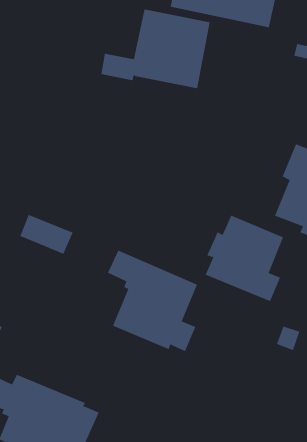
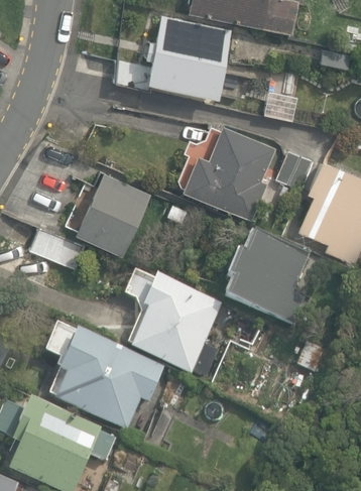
building: none -> [183,123,274,216]
building: none -> [75,173,150,256]
building: none -> [49,323,170,433]

